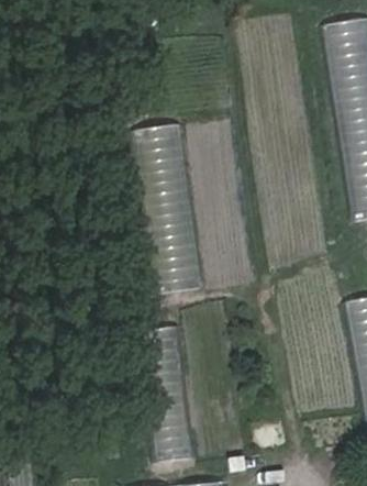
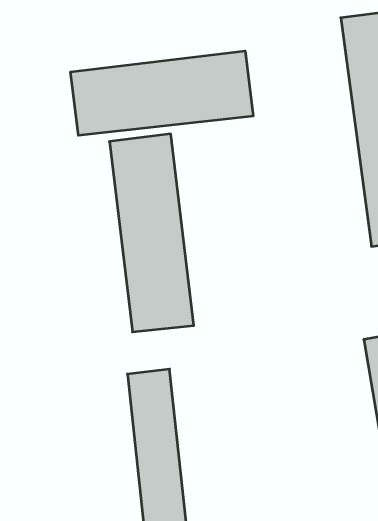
building: none -> [71,51,253,135]

